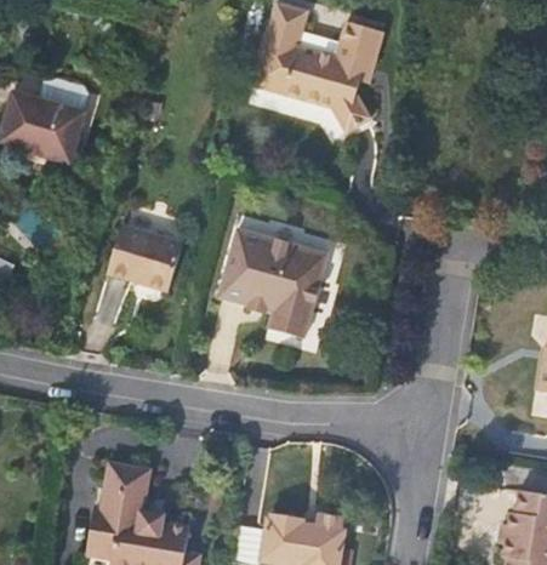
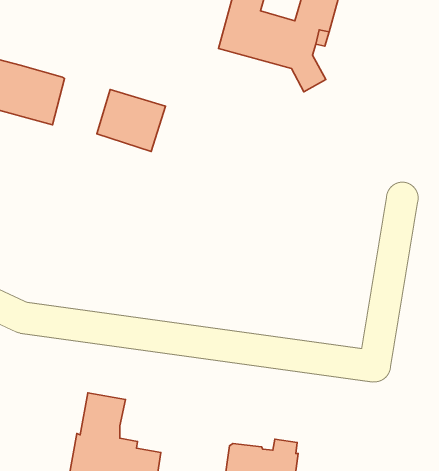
building: [36,76,89,116] -> none
building: [106,227,181,295] -> [97,90,165,152]
building: [220,227,326,335] -> none

